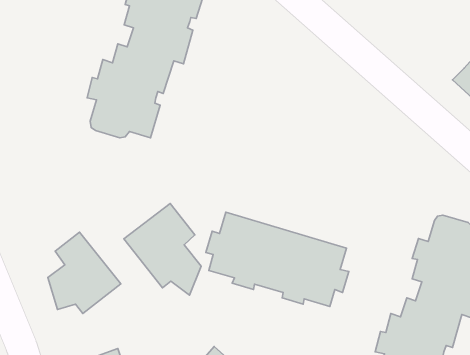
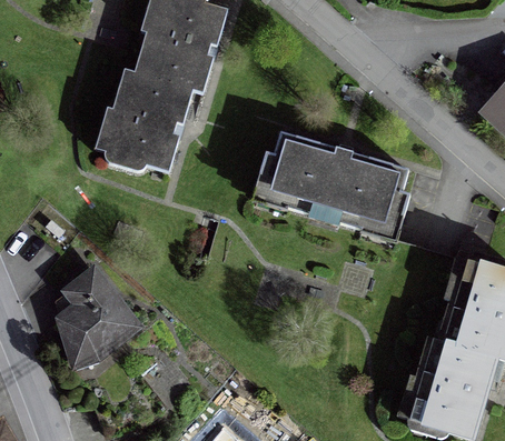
building: [124,203,201,295] -> none
building: [206,212,349,306] -> [258,134,408,233]

